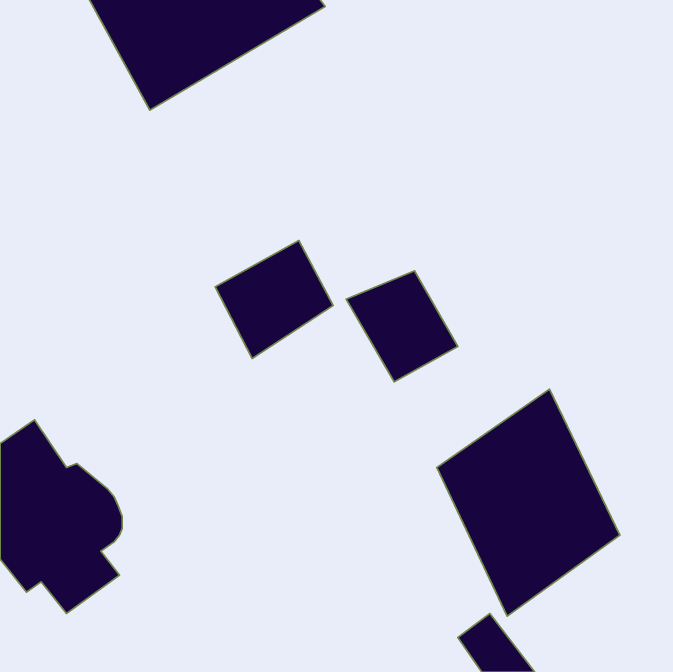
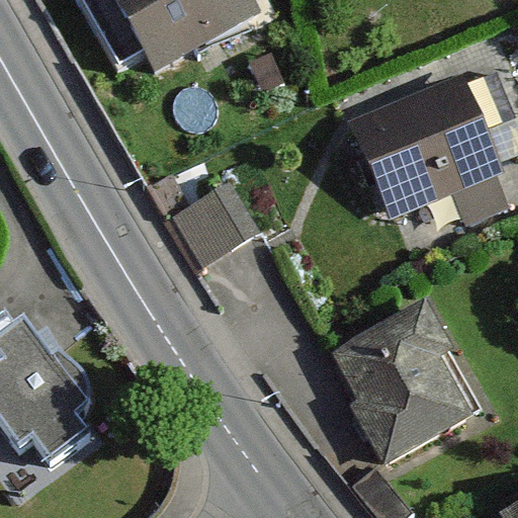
building: none -> [355,71,501,221]
building: [346,271,458,382] -> none

